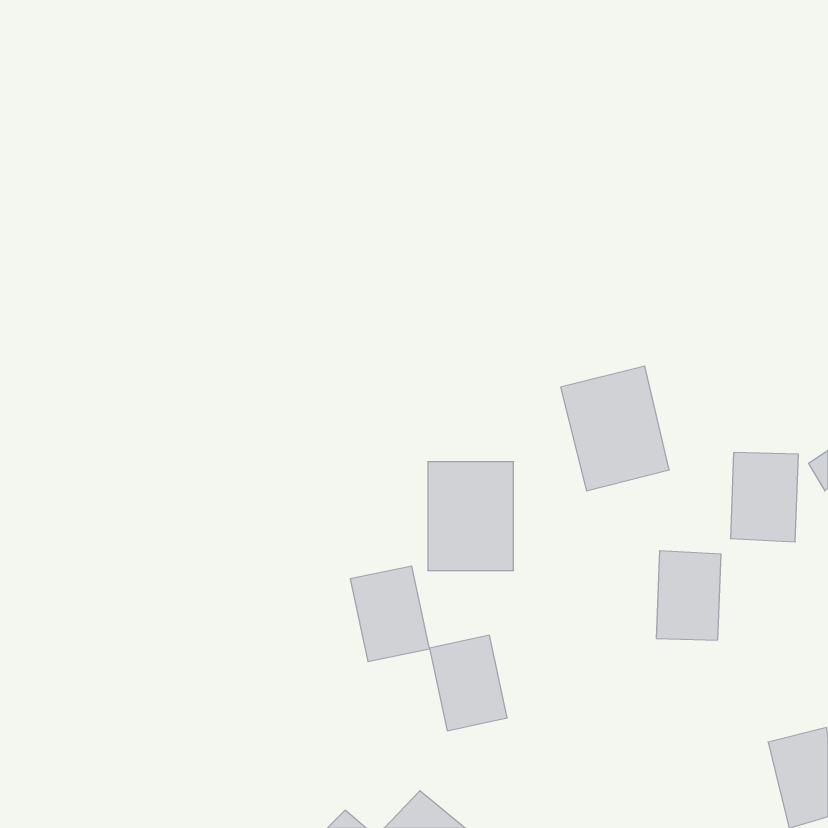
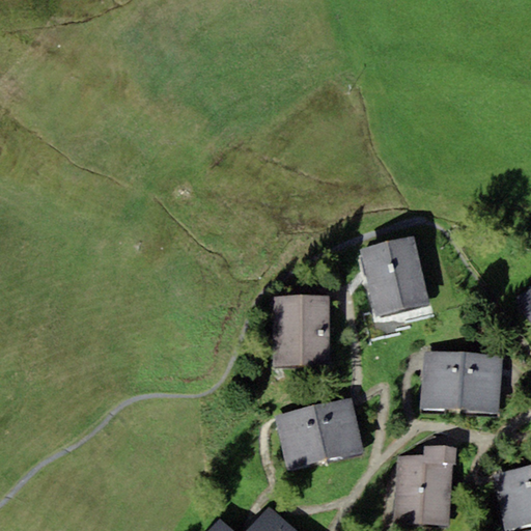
building: [730,453,798,542] -> [459,355,503,412]
building: [350,566,430,662] -> [313,398,364,459]
building: none -> [394,445,457,525]

